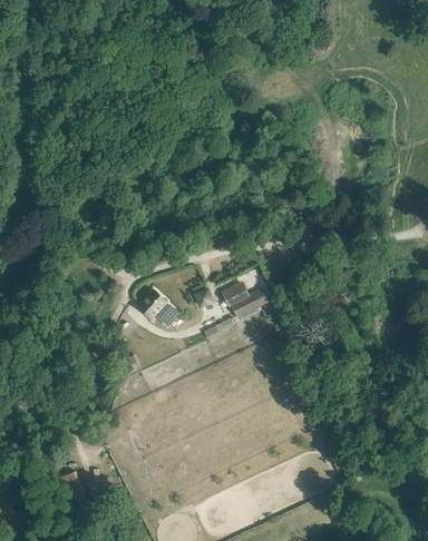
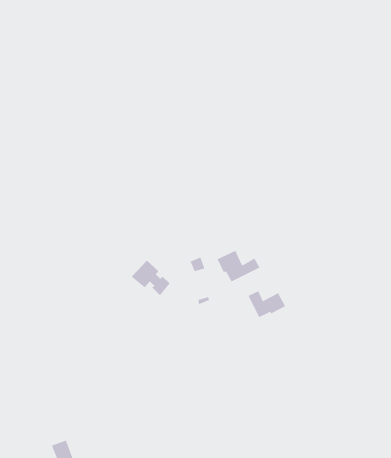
building: none -> [247,290,286,318]

